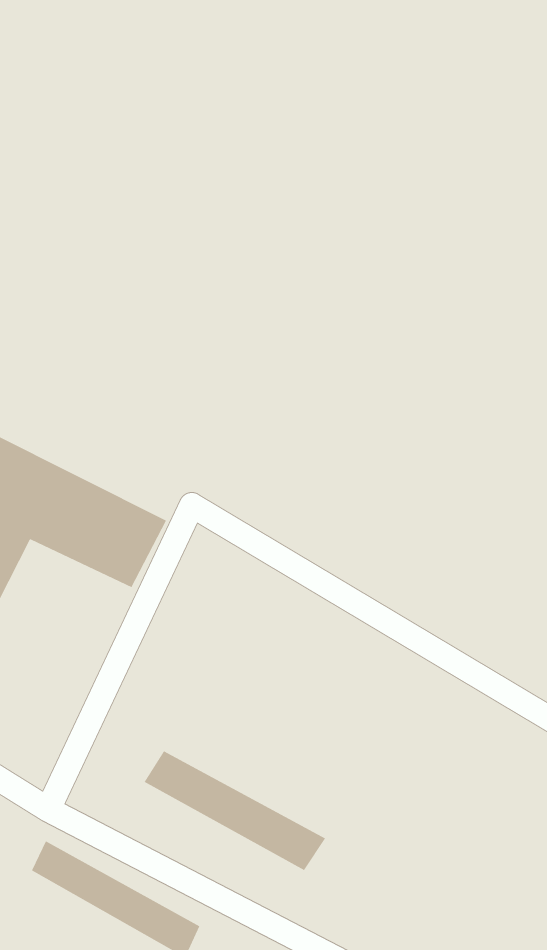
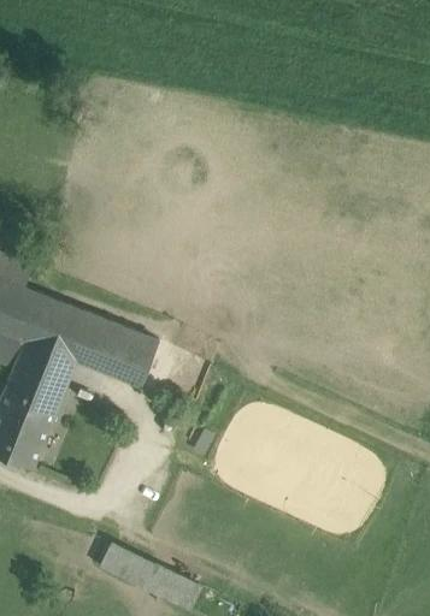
building: [144,751,326,871] -> none

